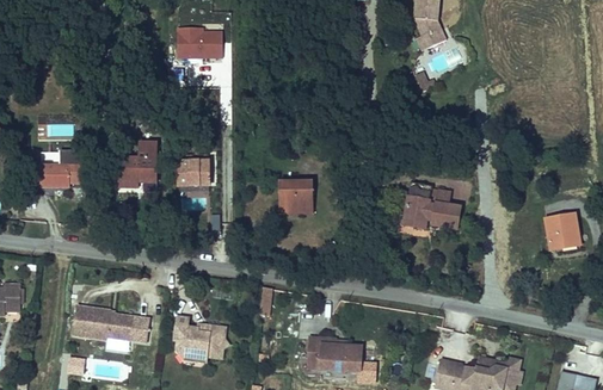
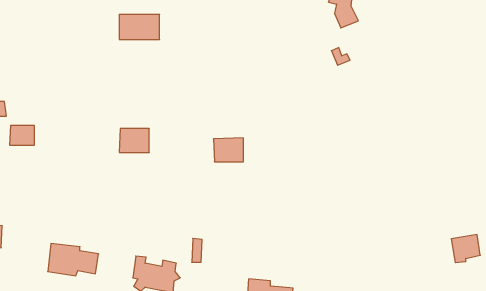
building: [118,136,156,184] -> none
building: [405,180,461,230] -> none
building: [546,218,579,250] -> [451,235,480,263]

